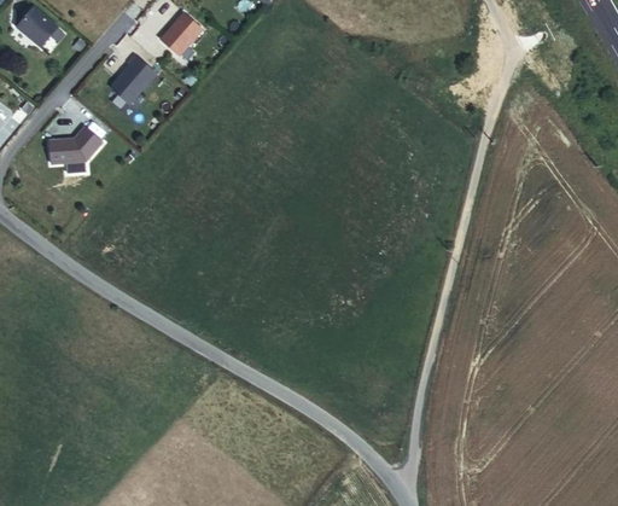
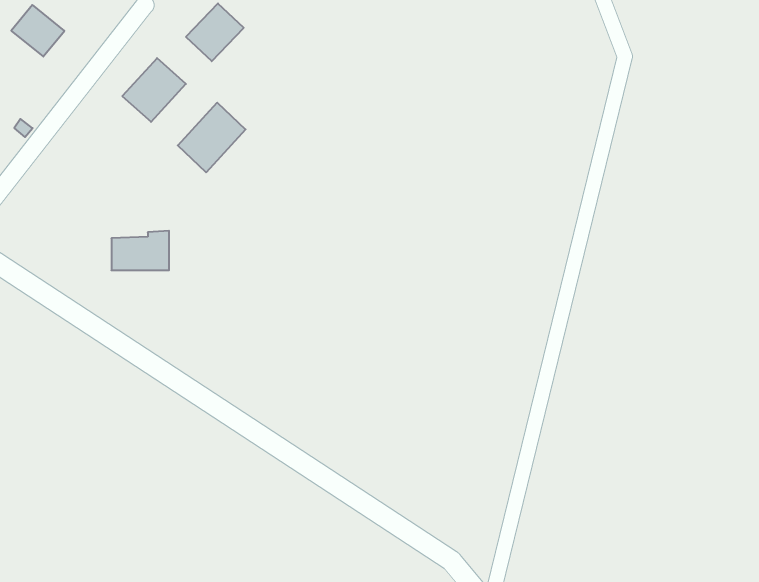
building: none -> [178,103,246,172]
building: [51,132,97,163] -> [111,231,169,270]

